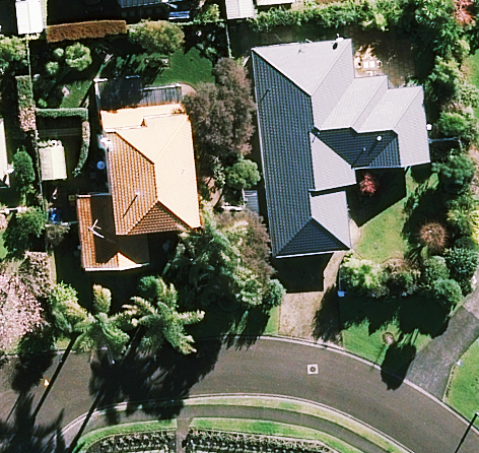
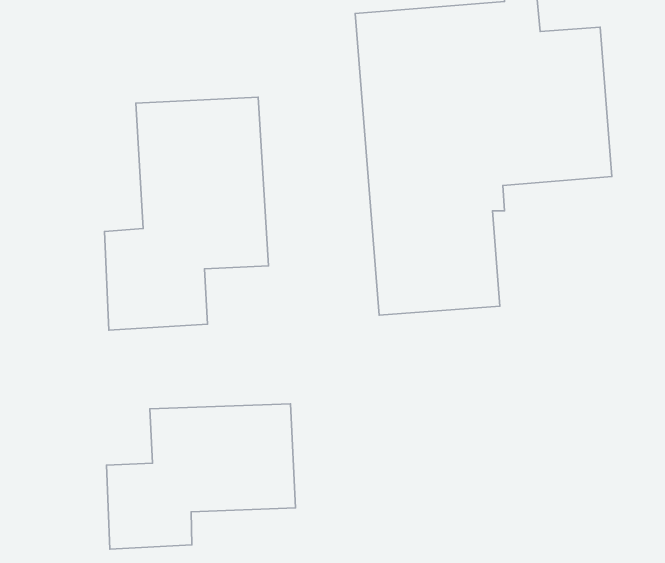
building: none -> [107,404,296,549]

